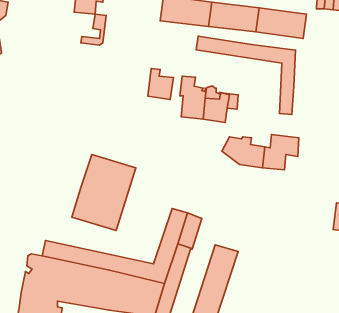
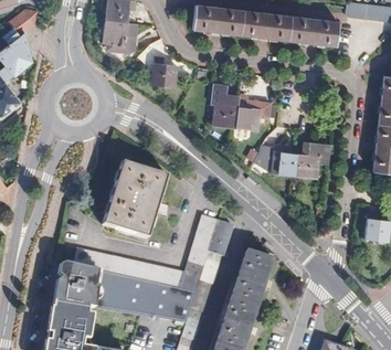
building: none -> [103,20,131,46]
building: [196,36,296,114] -> none
building: [148,69,173,99] -> [148,56,173,87]

